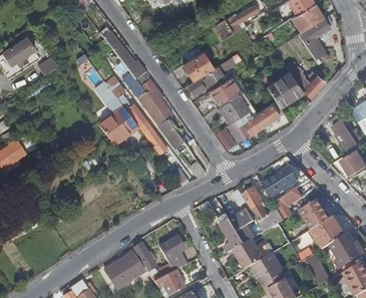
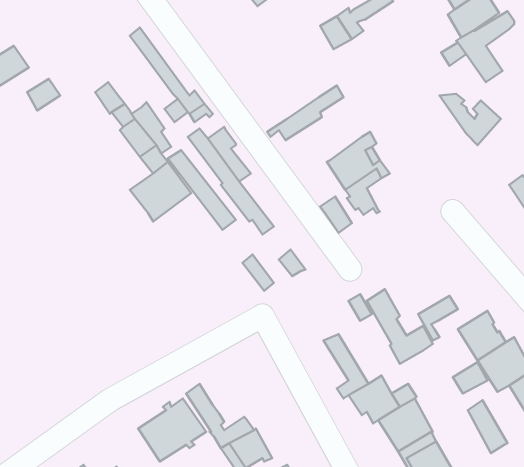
building: [182,52,214,81] -> none
building: [265,69,301,104] -> none
building: [211,76,240,106] -> none
building: [243,104,279,136] -> none
building: [263,161,305,195] -> none
building: [230,209,254,242] -> none
building: [162,236,187,270] -> none

